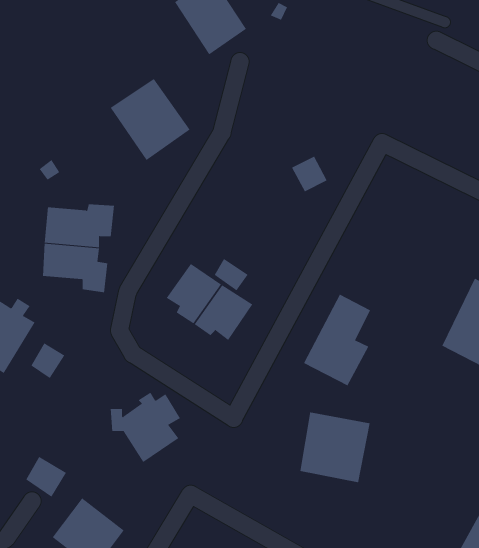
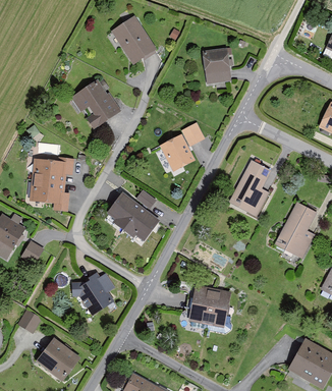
building: none -> [204,49,231,85]
building: none -> [160,134,195,171]
building: [303,294,371,386] -> [229,160,271,217]

